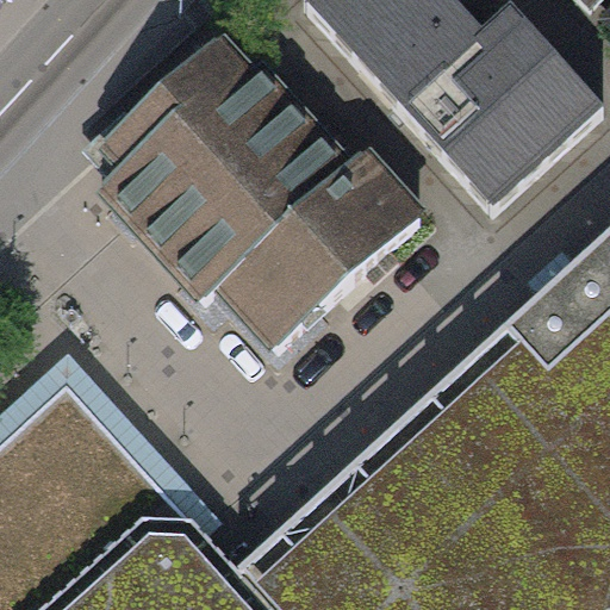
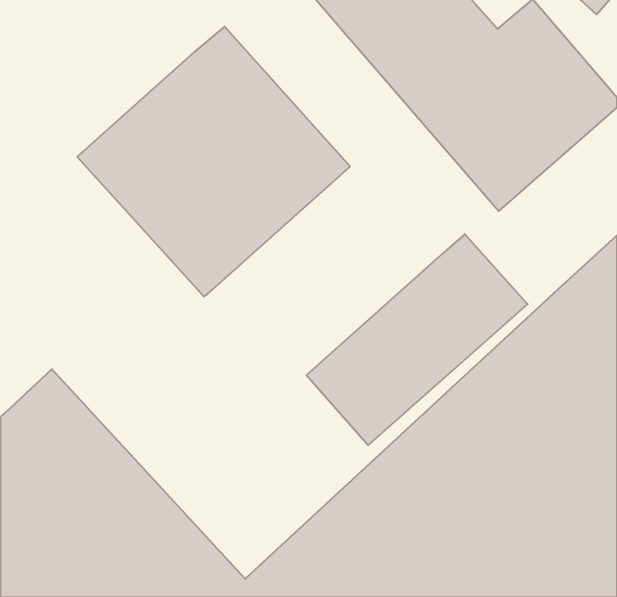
building: [210,147,428,355] -> [307,234,528,445]

